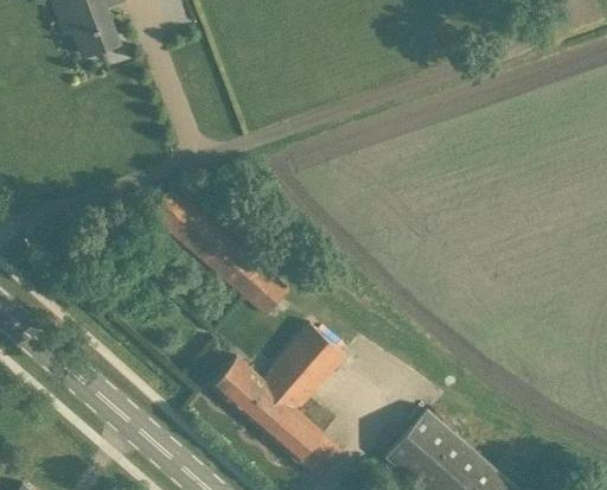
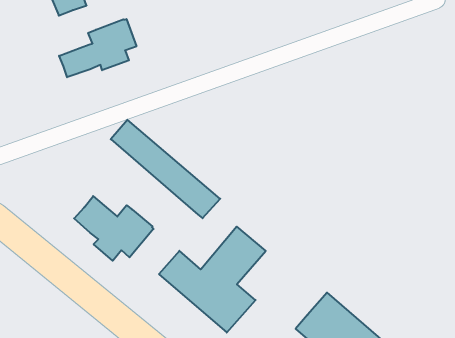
building: none -> [59,19,136,77]
building: none -> [74,196,154,261]

